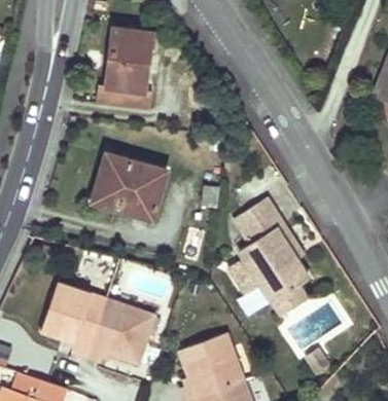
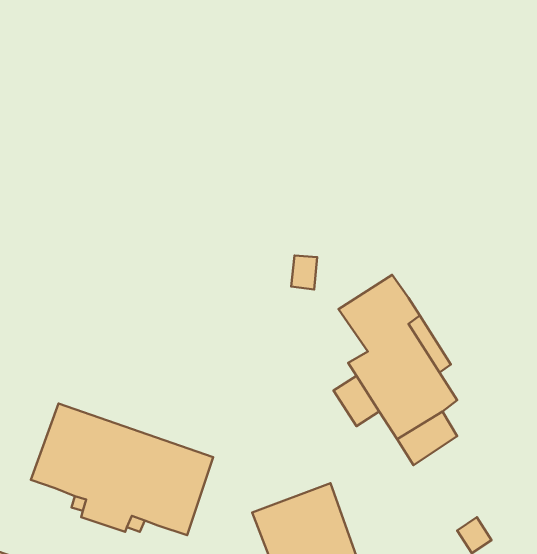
building: [97,29,152,109] -> none
building: [93,153,166,219] -> none

